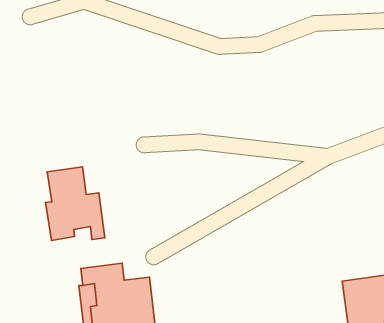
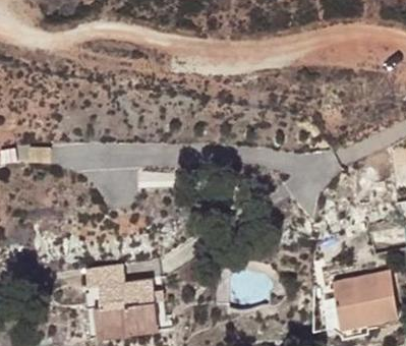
building: [46,167,105,240] -> none

